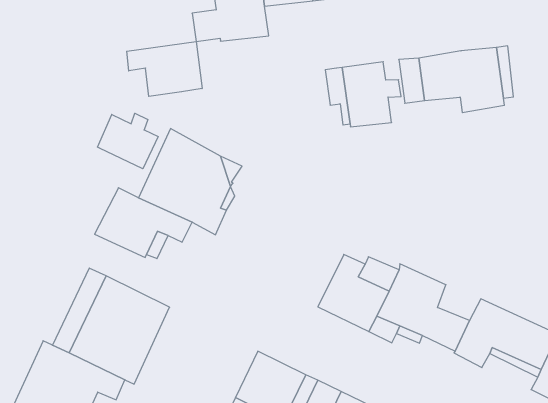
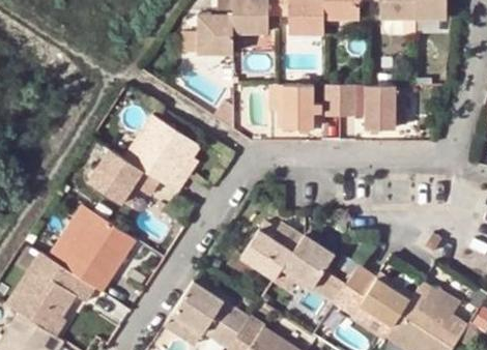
building: [127,42,202,96] -> none
building: [97,113,158,169] -> none

